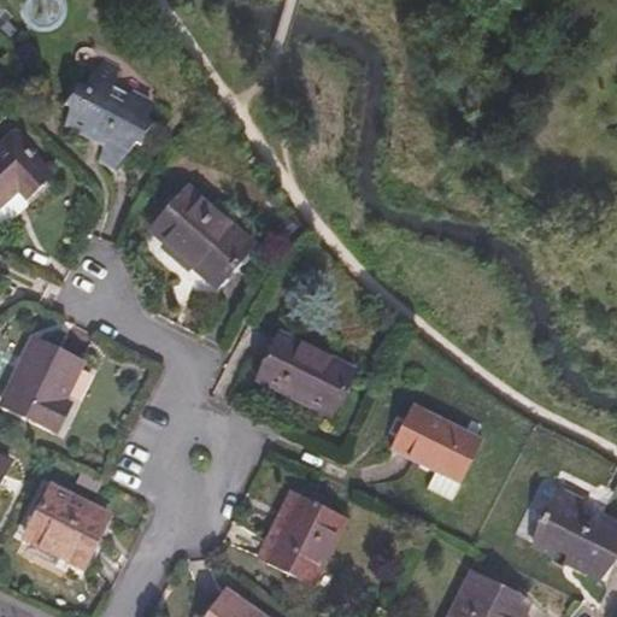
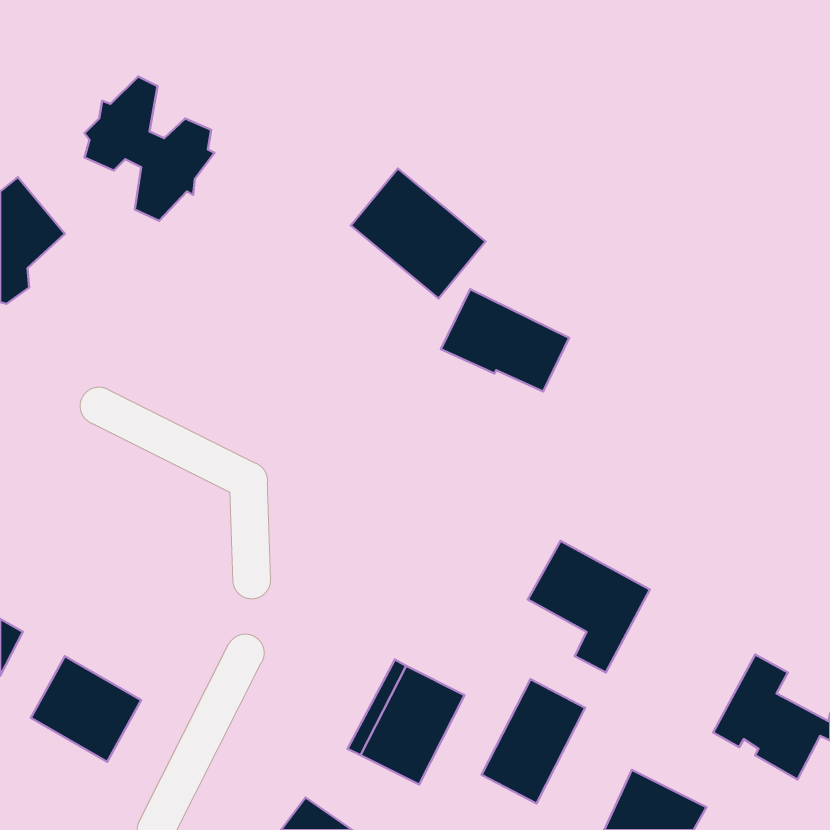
building: [148,184,248,281] -> [351,169,486,298]
building: [260,330,355,406] -> [441,289,569,391]
building: [6,339,81,429] -> none
building: none -> [482,679,585,803]

